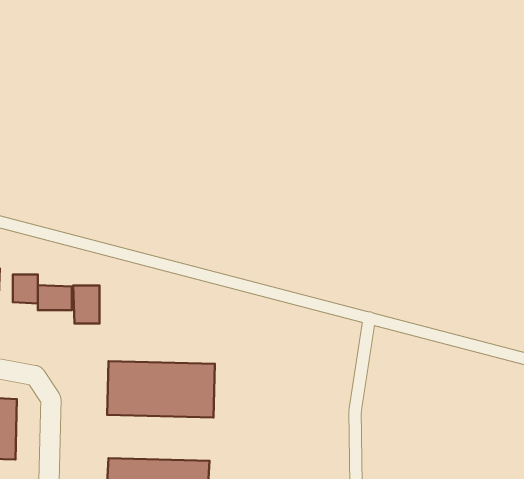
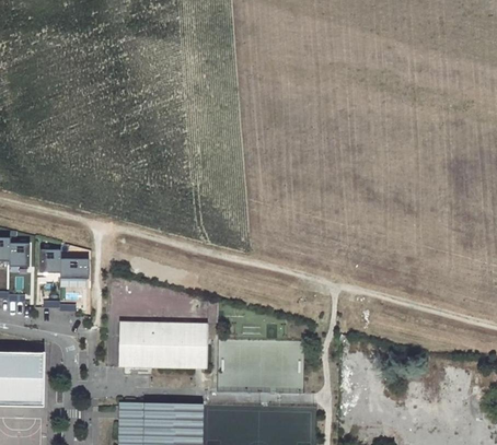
building: [73,285,100,324] -> none

